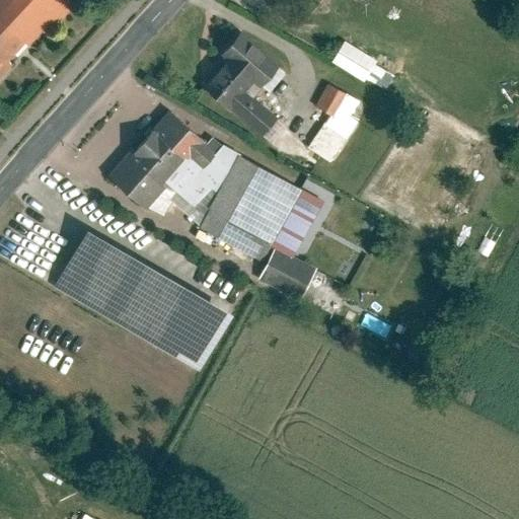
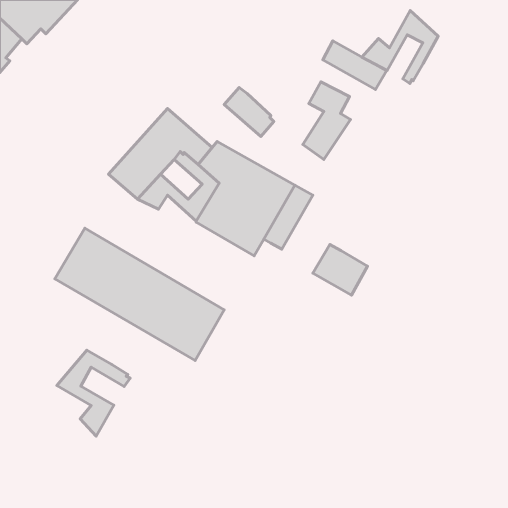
building: none -> [362,10,438,84]
building: [202,33,270,106] -> none
building: [163,162,206,203] -> none
building: [258,247,314,299] -> [313,244,368,295]
building: none -> [57,350,130,436]

